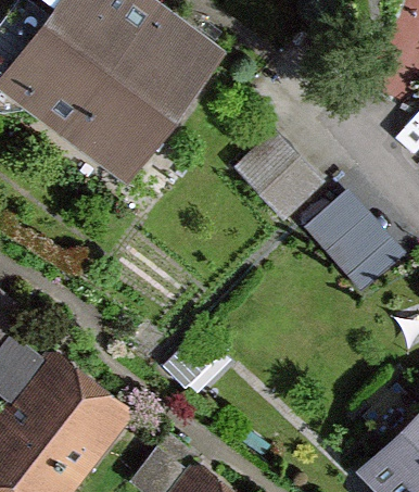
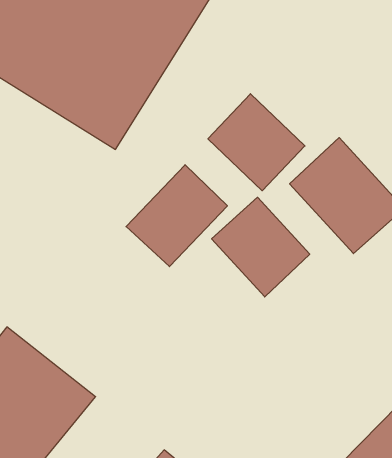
building: none -> [126,165,227,267]
building: none -> [212,197,310,297]

